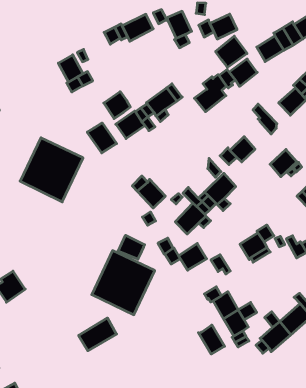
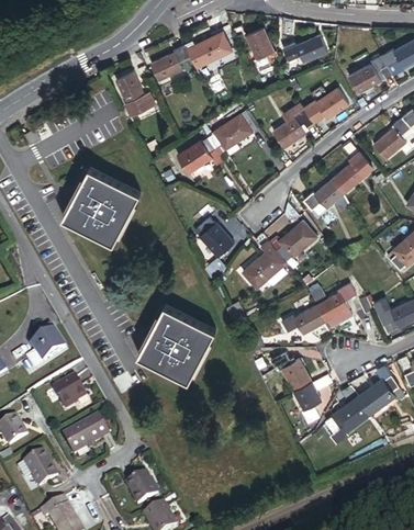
building: none -> [152,52,183,80]
building: [216,36,247,67] -> none
building: [104,92,130,119] -> none
building: [87,123,117,153] -> none
building: [270,149,297,177] -> [331,162,362,194]
building: [118,235,145,259] -> none
building: [178,243,207,270] -> [295,305,328,336]
building: none -> [55,377,88,407]
building: [79,318,117,351] -> [63,417,108,454]
building: [198,325,225,354] -> none

